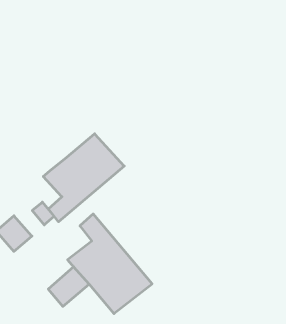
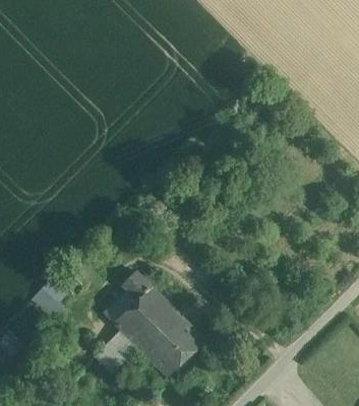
building: [43,134,124,222] -> none

